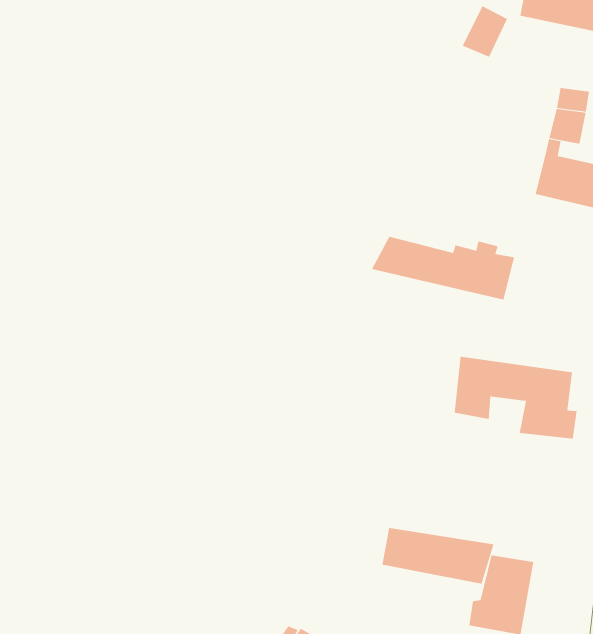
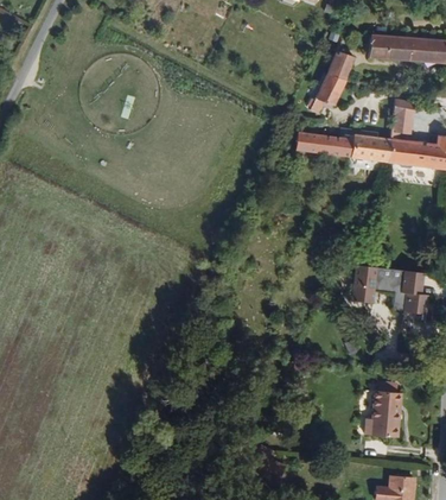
building: none -> [317,74,349,109]
building: [371,236,515,300] -> [299,127,388,163]
building: [382,527,494,585] -> none

